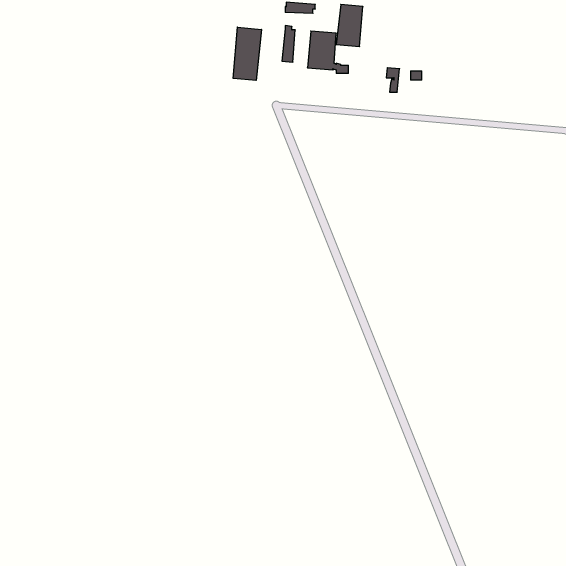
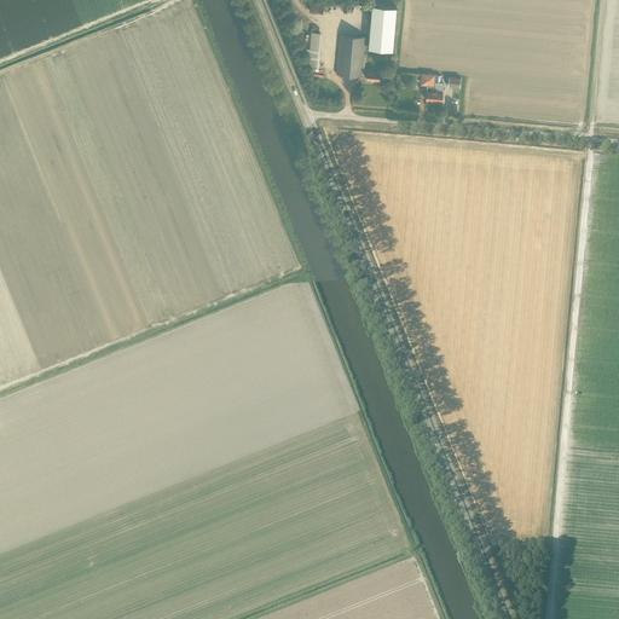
building: [233,27,261,80] -> none

